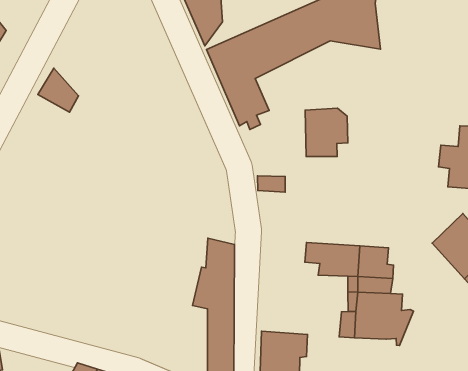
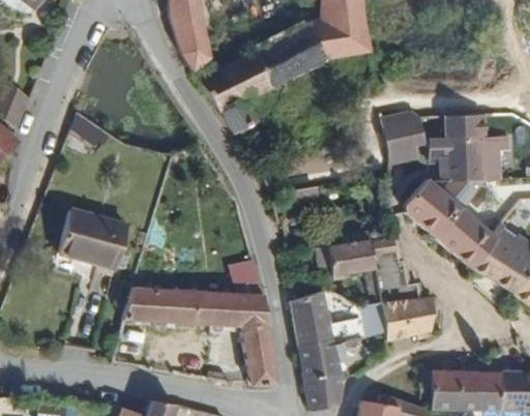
building: [305,108,348,157] -> [382,115,426,165]
building: none -> [53,213,128,289]
building: none -> [411,176,470,236]
building: none -> [123,281,232,327]
building: none -> [292,292,349,341]

